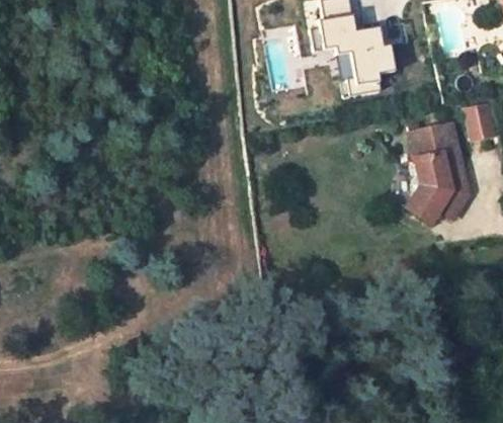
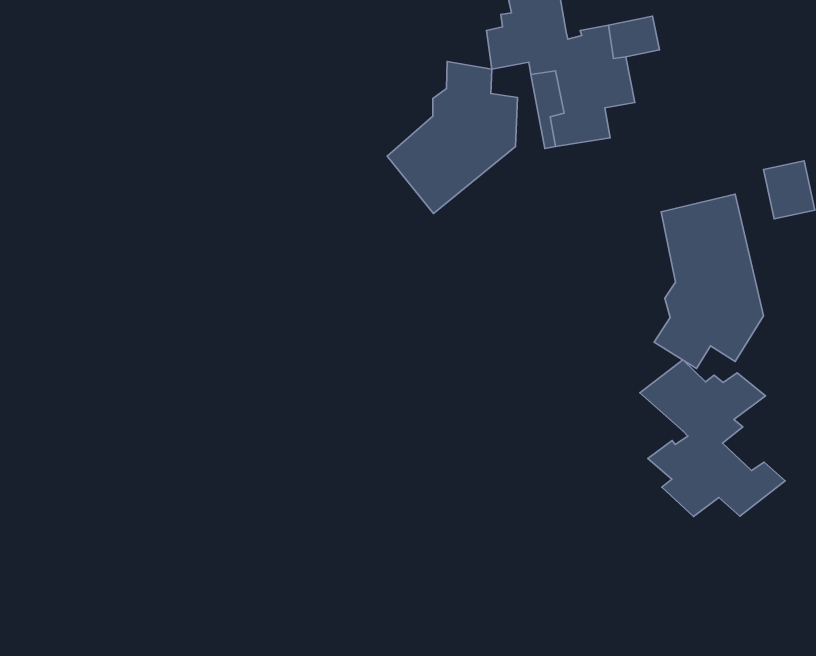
building: none -> [387,62,517,214]
building: none -> [640,360,785,517]

